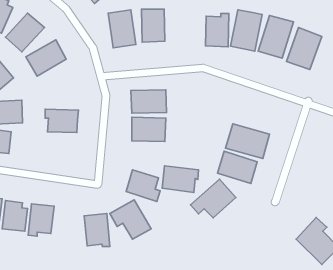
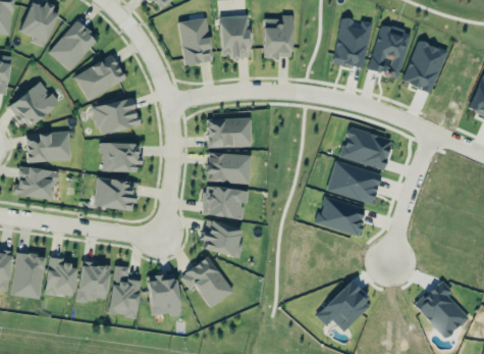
building: [205,14,229,47] -> [263,15,292,57]
building: none -> [94,99,139,134]
building: none -> [340,128,392,169]
building: none -> [93,178,138,212]
building: [162,166,199,192] -> [202,186,248,219]
building: [190,179,236,218] -> [315,283,372,332]
building: none -> [109,265,141,317]

